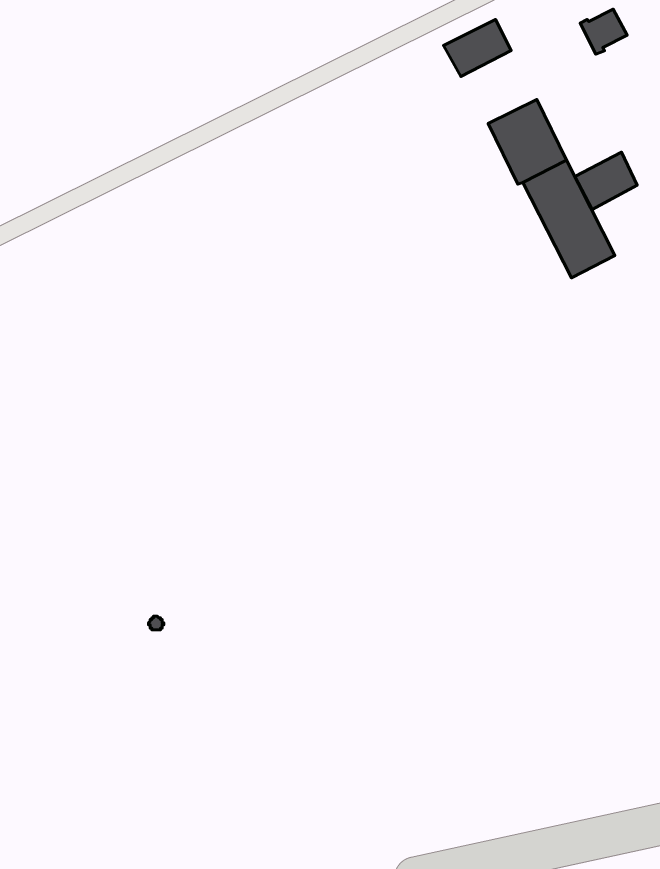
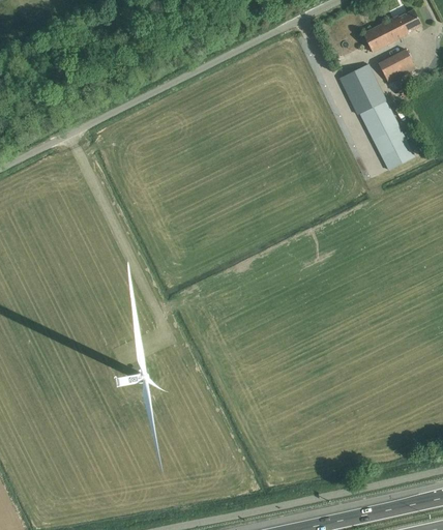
building: [443,19,511,77] -> [362,18,403,52]
building: [575,152,637,209] -> [378,49,415,83]

